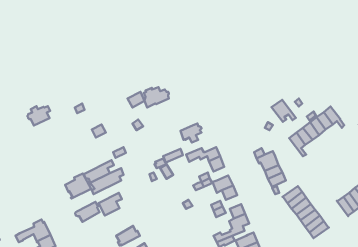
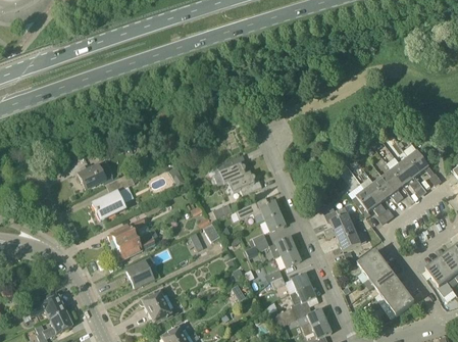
building: [144,87,169,107] -> [214,159,246,185]
building: [272,100,296,122] -> [353,190,384,217]
building: [27,106,50,125] -> [78,164,106,189]
building: [65,173,91,199] -> [93,189,125,221]
building: [75,202,99,222] -> [140,287,170,312]

